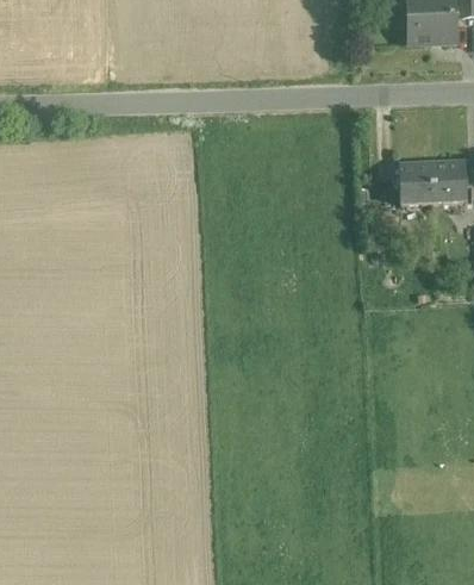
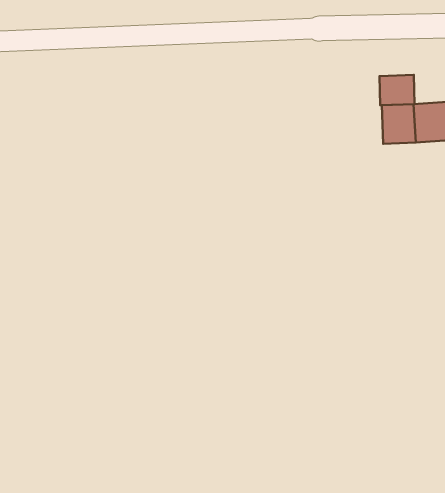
building: none -> [379,75,415,105]

